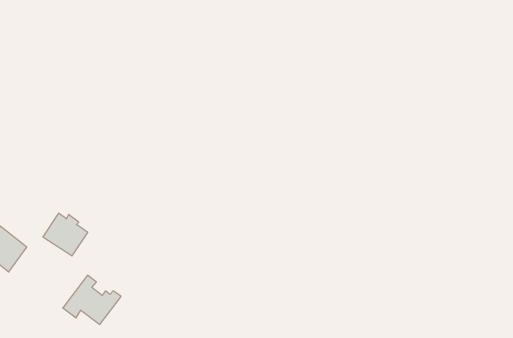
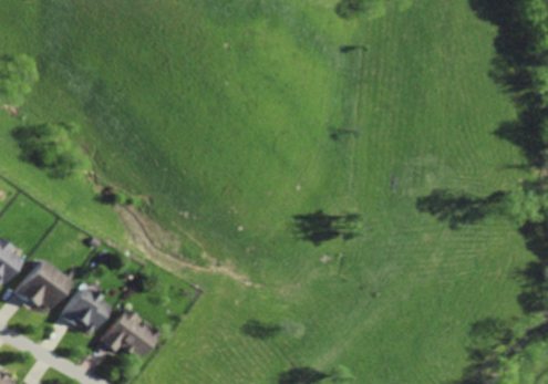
building: [43,213,88,256] -> [63,289,107,331]

